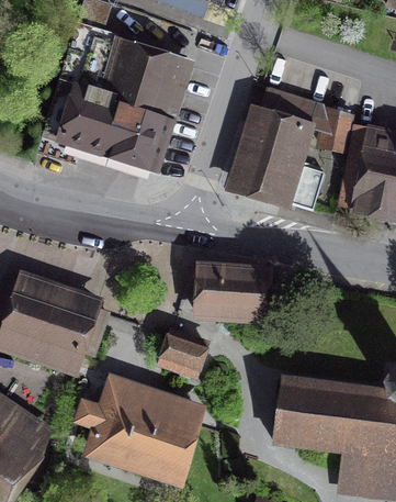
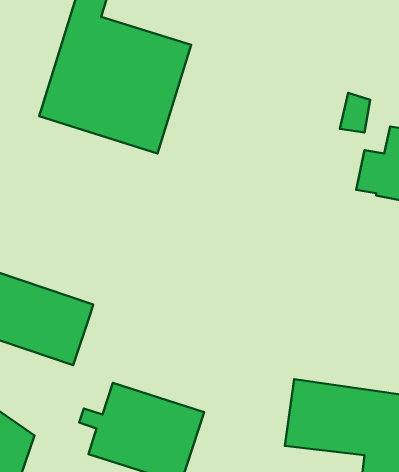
building: [238,89,325,210] -> none
building: [188,270,264,316] -> none
building: [161,334,206,373] -> none

